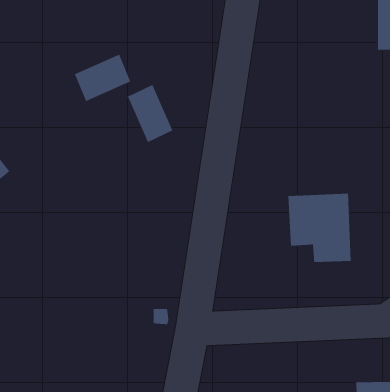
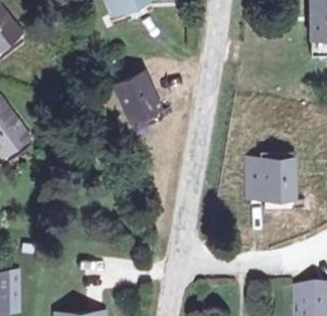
building: [74,54,131,102] -> none

